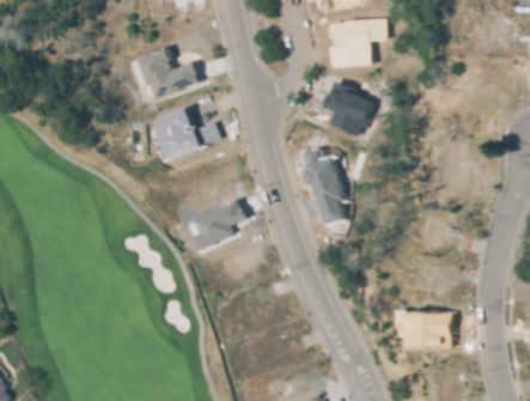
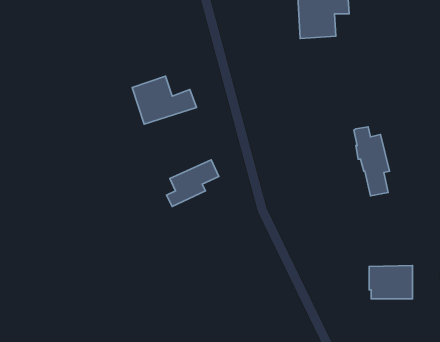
building: [136,49,196,96] -> none
building: [325,84,367,133] -> none
building: [303,147,341,221] -> [354,127,389,196]

